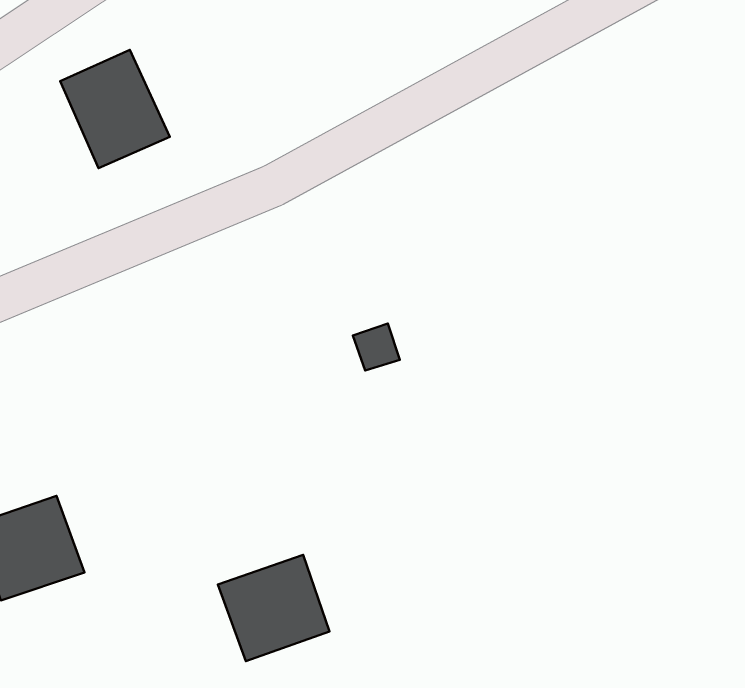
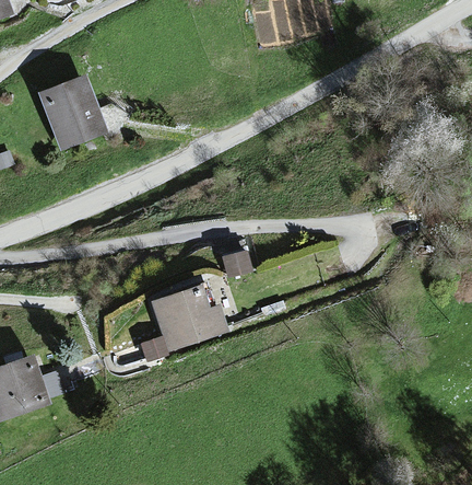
building: [218,555,329,661] -> [151,280,221,347]

